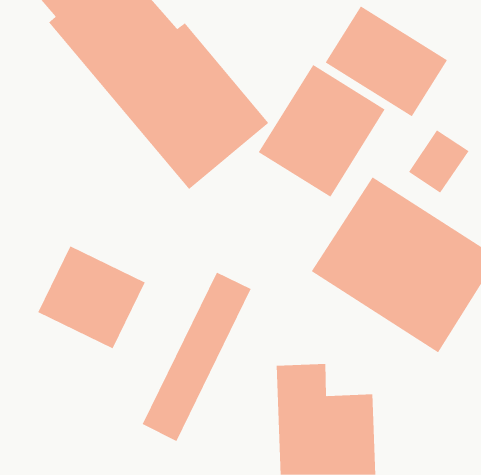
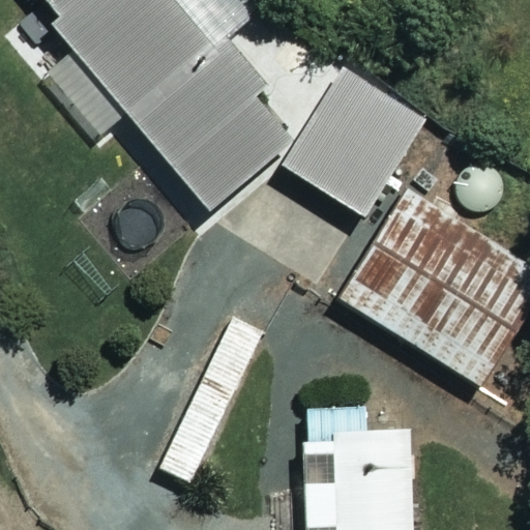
building: [325,5,448,117] -> none
building: [38,245,145,349] -> none

